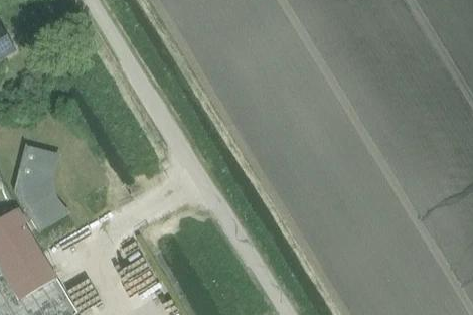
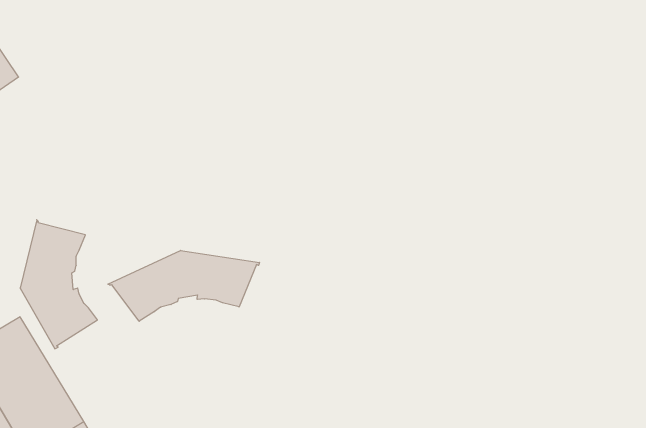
building: none -> [108,250,259,321]

